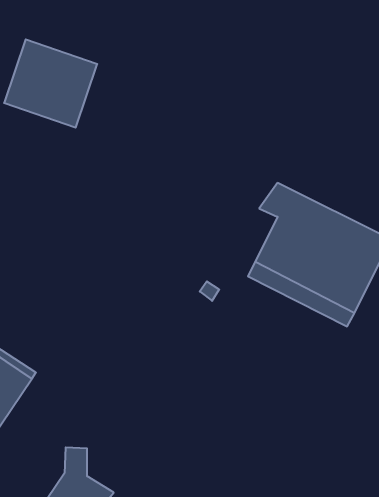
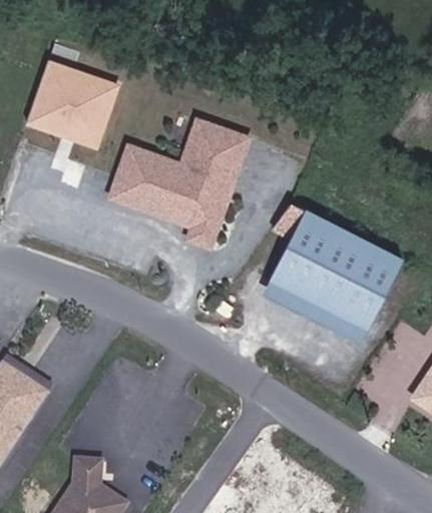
building: none -> [110,116,245,242]

